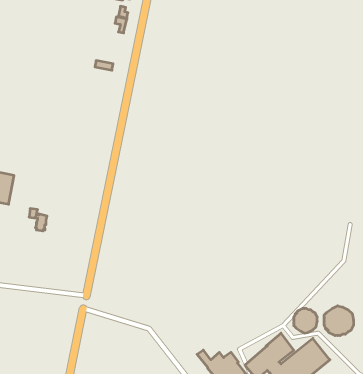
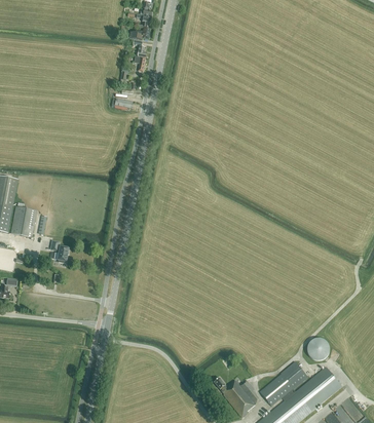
building: [324,306,353,336] -> none

